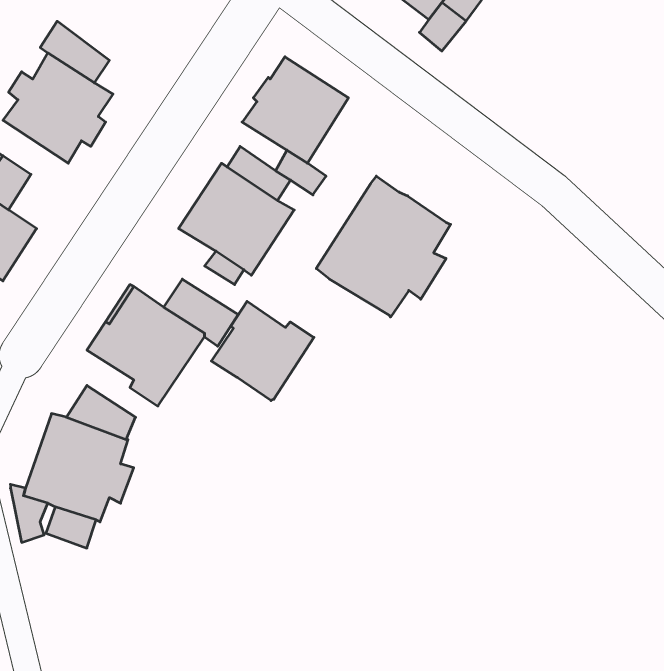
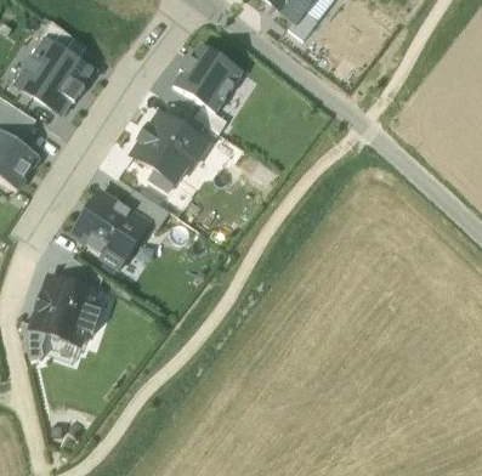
building: [316,176,451,317] -> none
building: [211,301,314,401] -> none

